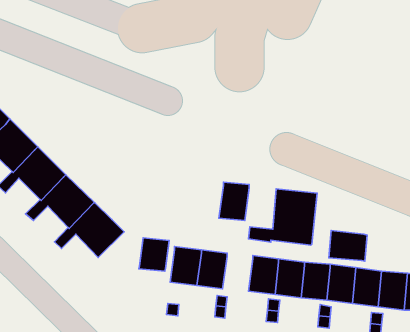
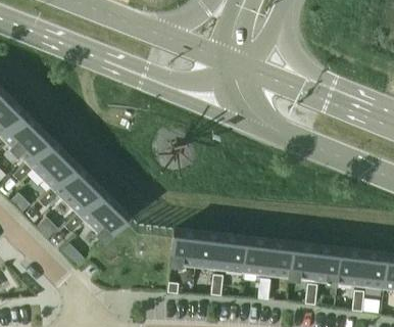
building: [219,182,249,220] -> [217,236,245,271]
building: [249,189,317,245] -> none
building: [329,231,367,261] -> none
building: [139,238,169,271] -> none

